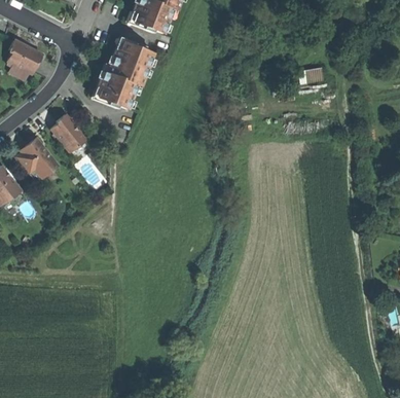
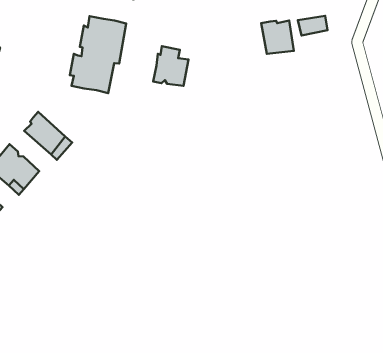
building: none -> [261,21,294,54]
building: none -> [153,46,189,86]

